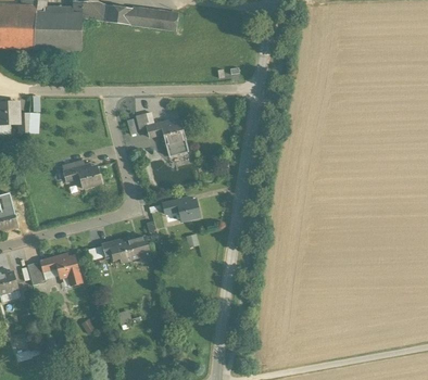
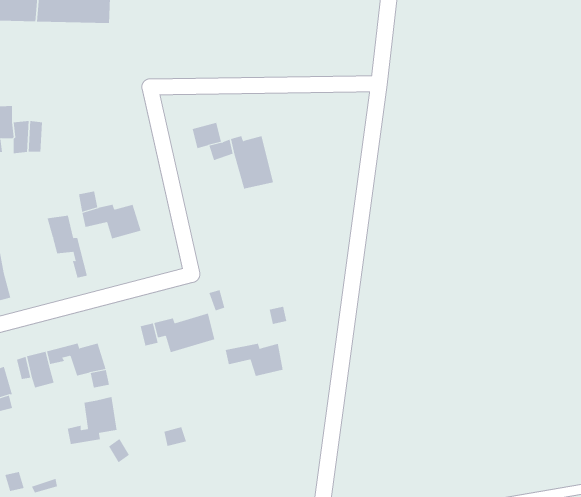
building: none -> [47,215,87,278]
building: [162,199,200,220] -> [225,343,283,377]
building: none -> [67,396,117,445]

